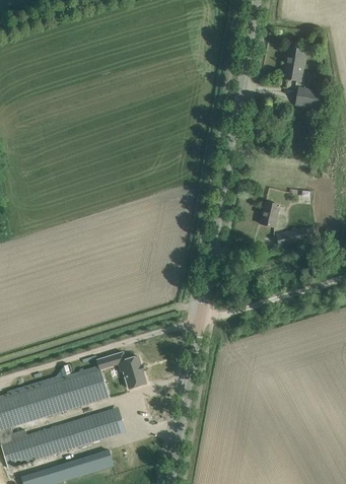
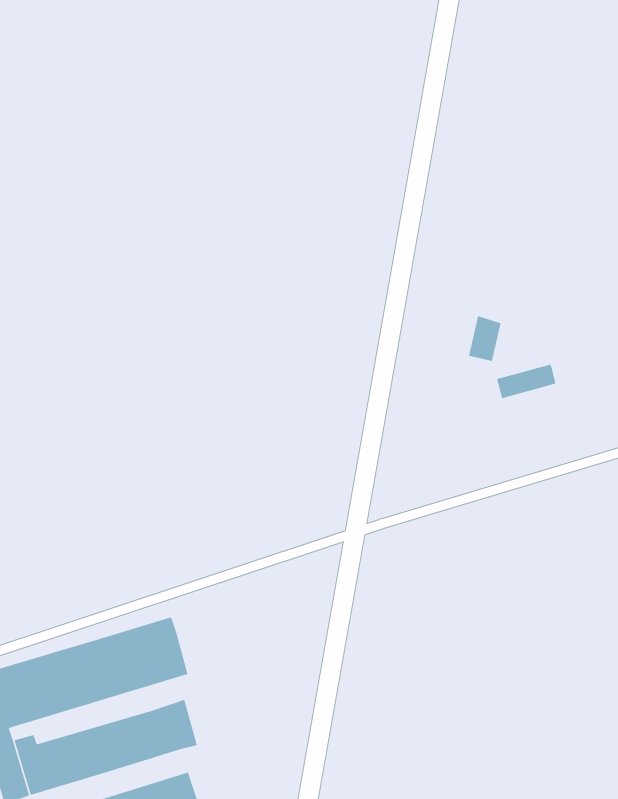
building: [284,48,304,80] -> none
building: [295,88,323,109] -> none
building: [96,351,146,388] -> none

